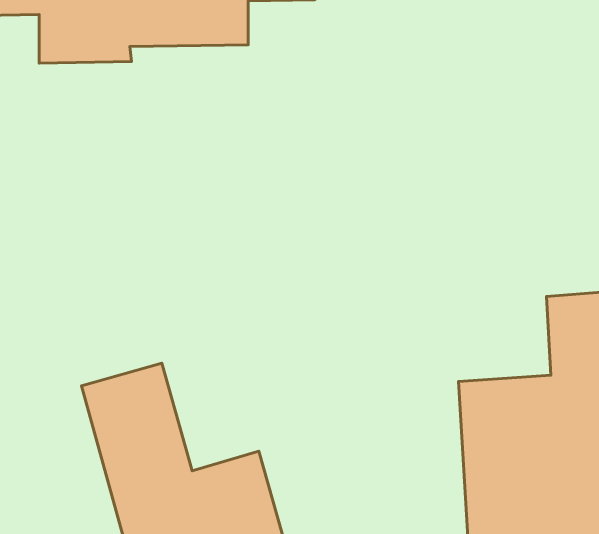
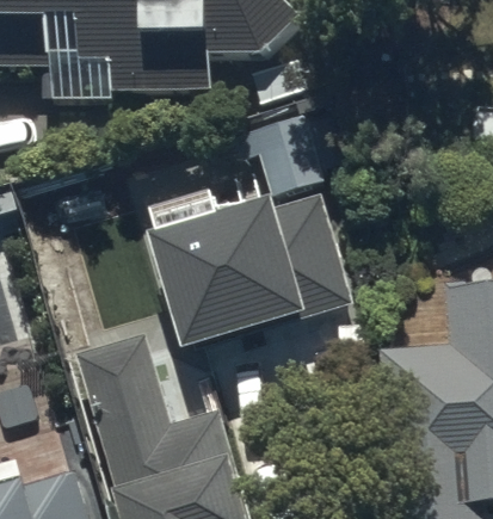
building: none -> [158,205,301,340]

